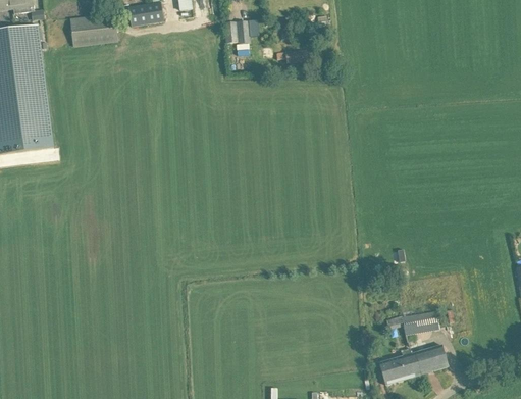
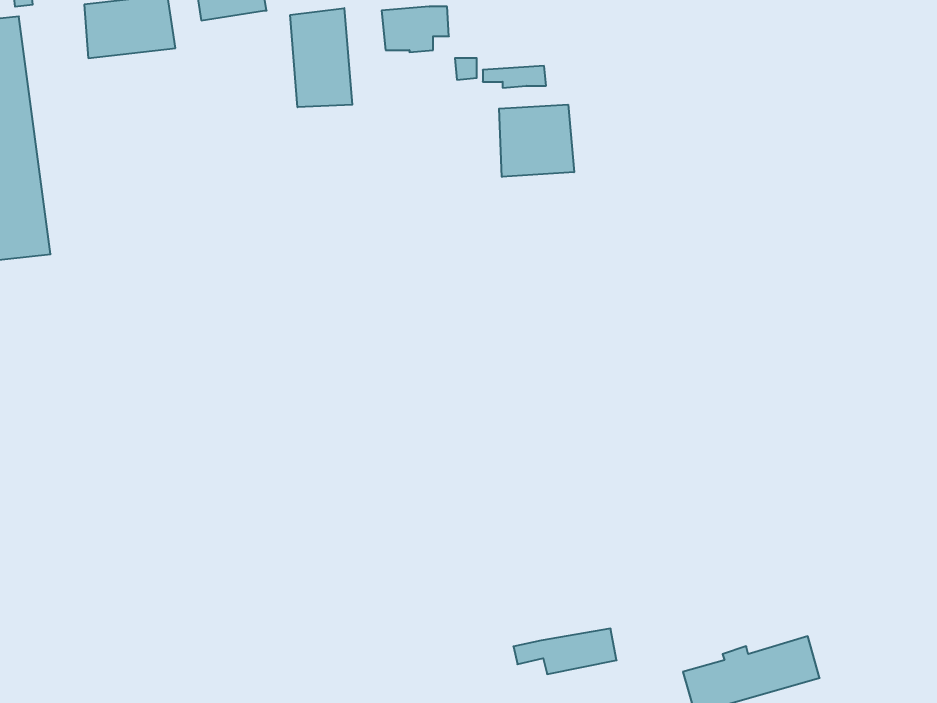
building: none -> [290,8,352,107]
building: none -> [499,105,574,177]
building: [386,310,439,334] -> [513,629,617,674]

